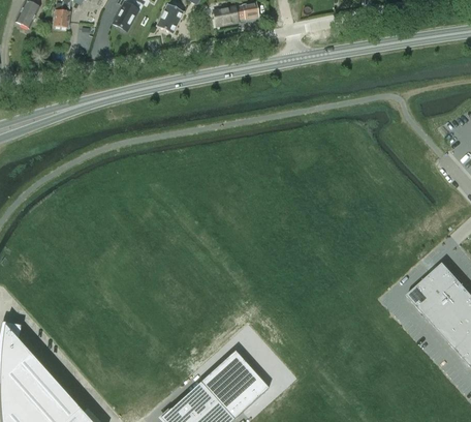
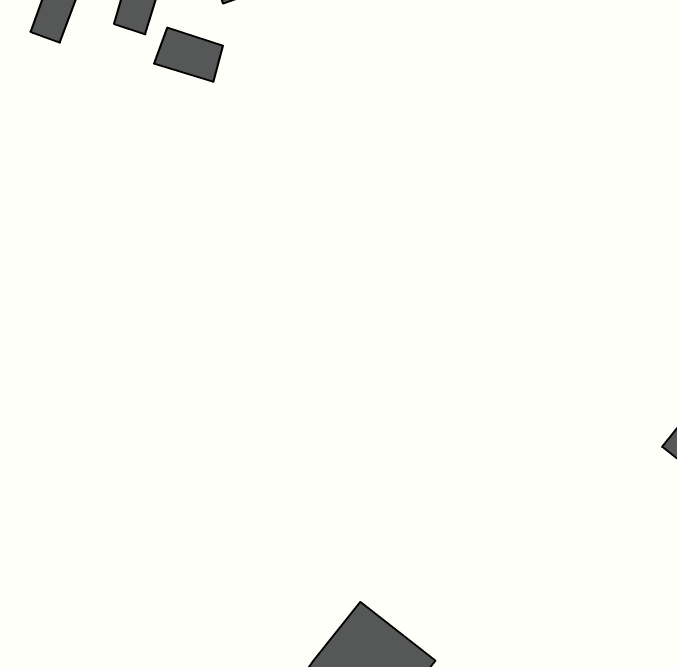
building: none -> [154,28,223,82]

